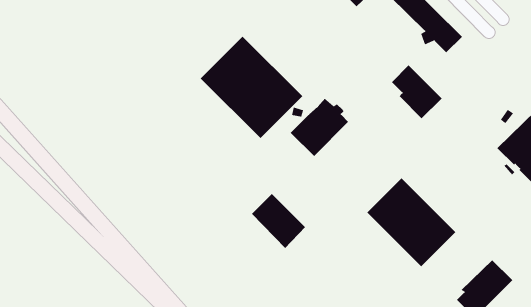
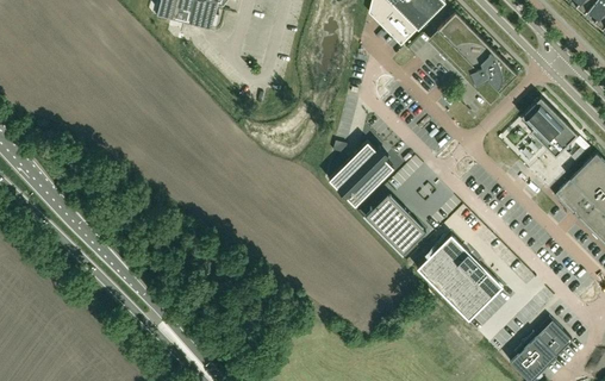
building: [200,36,303,139] -> none
building: [391,65,442,119] -> [522,98,578,157]
building: [251,193,306,249] -> [367,195,426,256]

